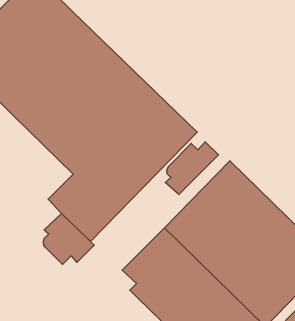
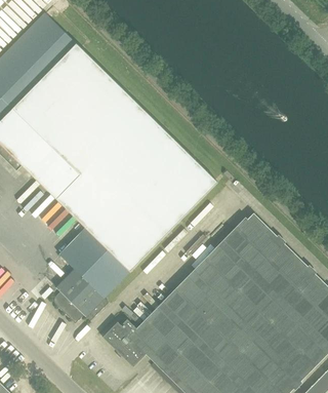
building: [165,142,219,195] -> none
building: none -> [102,319,154,365]

